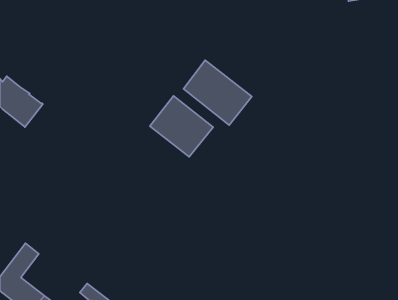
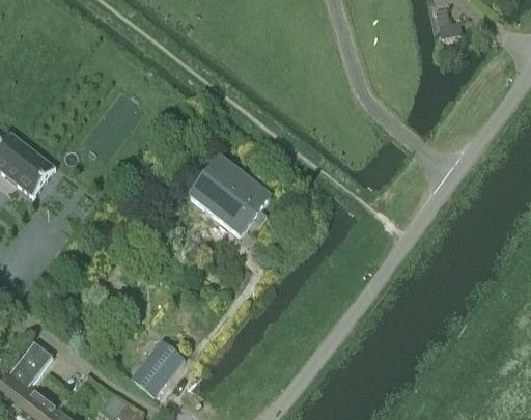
building: [183,60,252,125] -> none
building: none -> [132,339,185,396]

